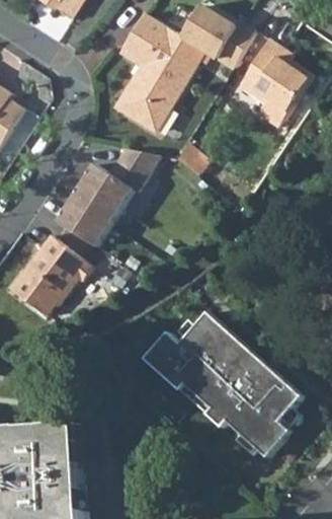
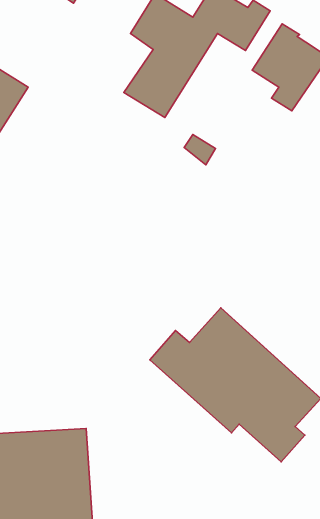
building: [56,152,157,245] -> none
building: [10,234,91,317] -> none

